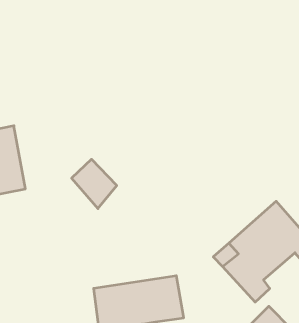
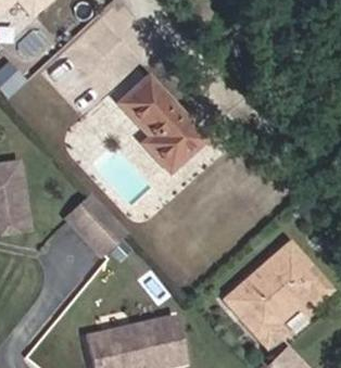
building: none -> [122,78,210,174]

